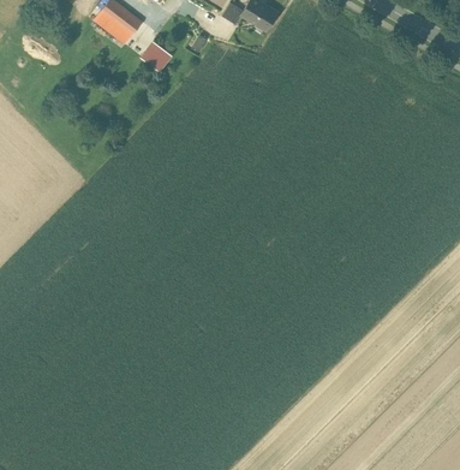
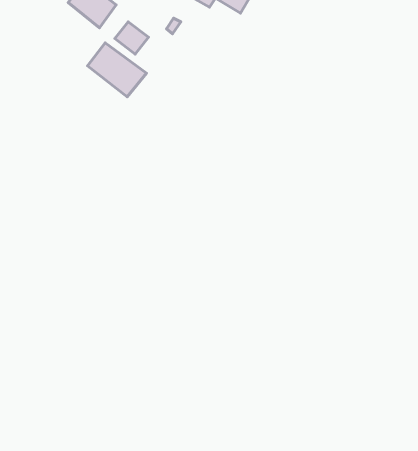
building: none -> [87,43,146,97]

